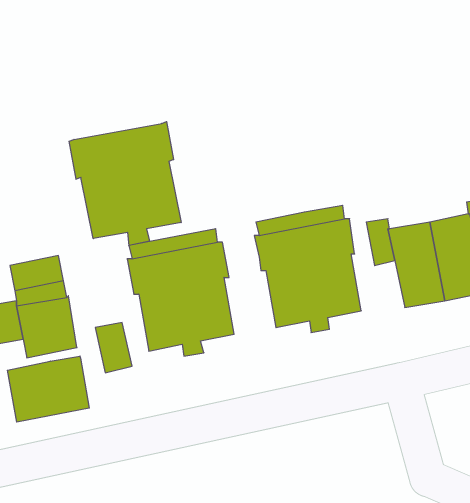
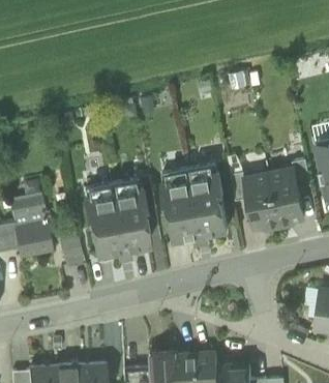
building: [69,122,181,245] -> none
building: [7,356,89,422] -> none

